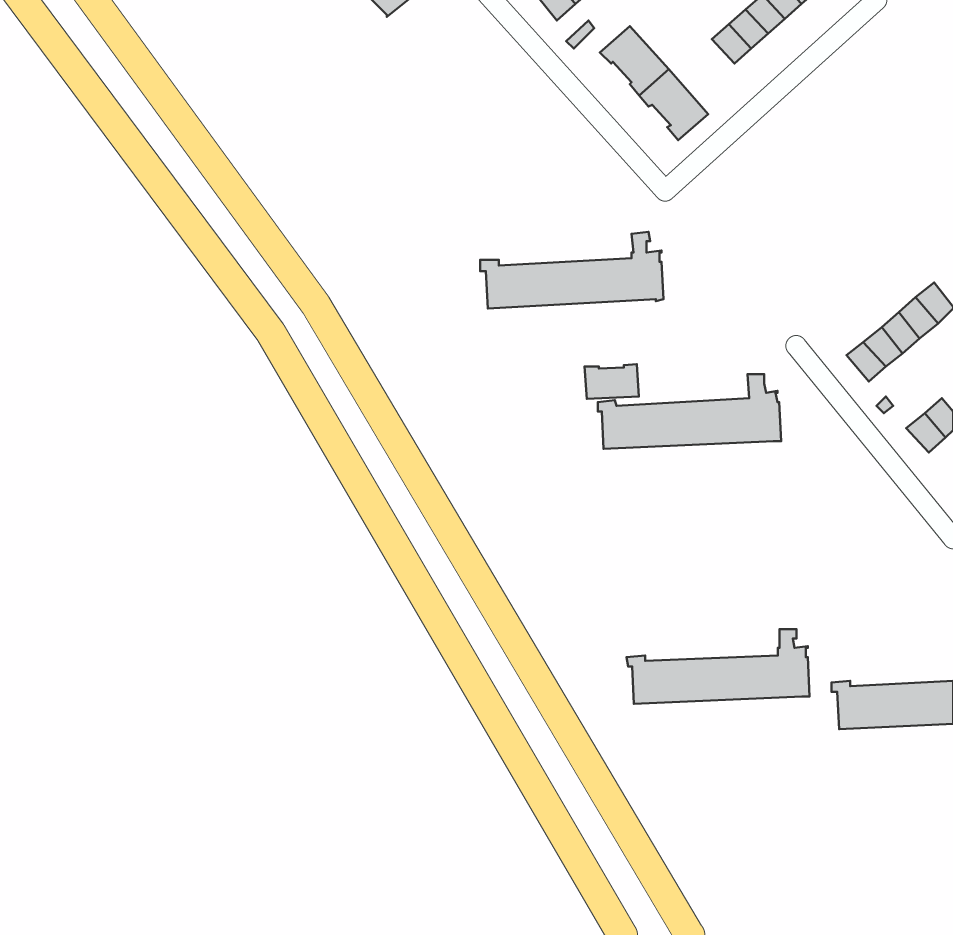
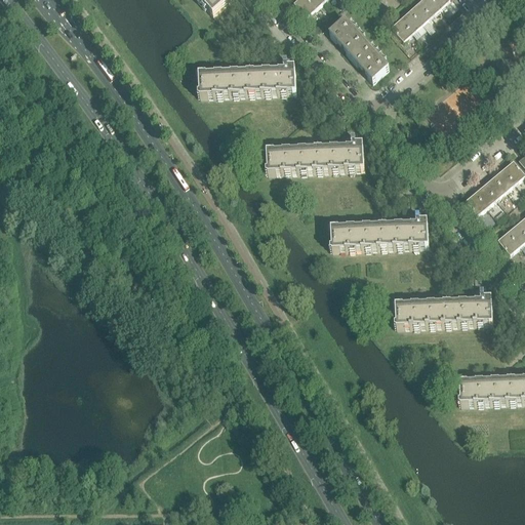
building: none -> [196,50,296,92]
building: [585,364,639,399] -> none
building: [626,629,810,704] -> [392,282,492,323]

